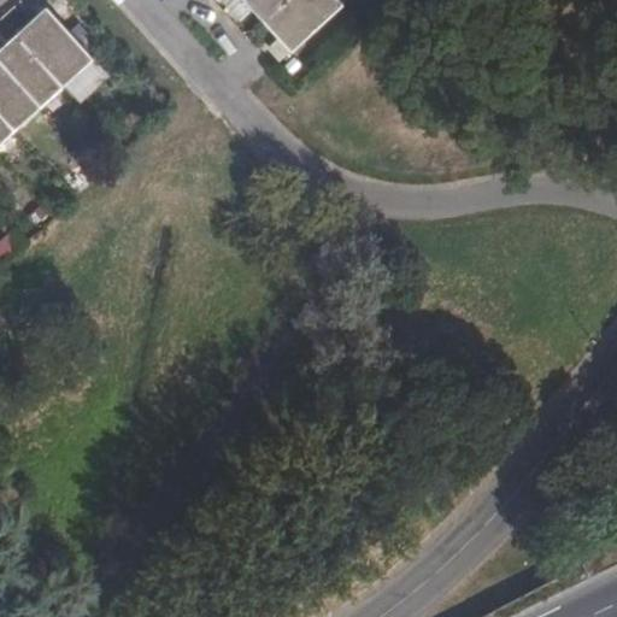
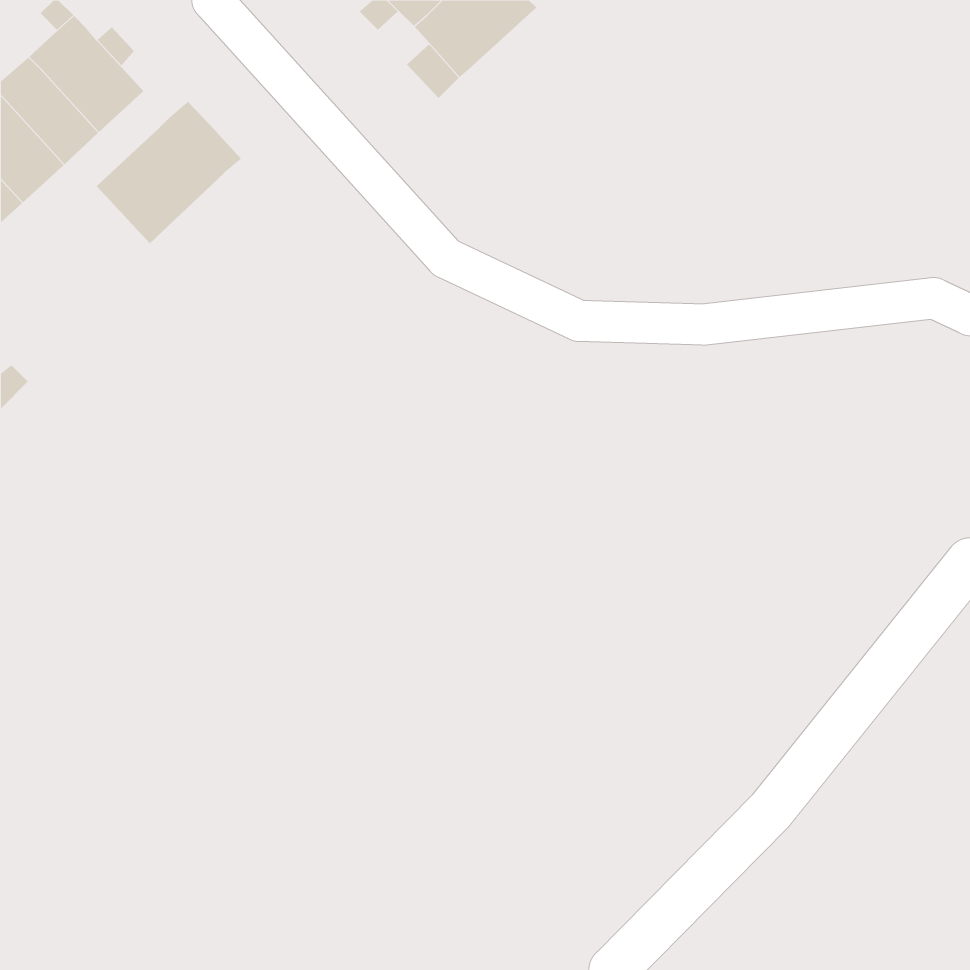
building: none -> [96,101,242,244]

